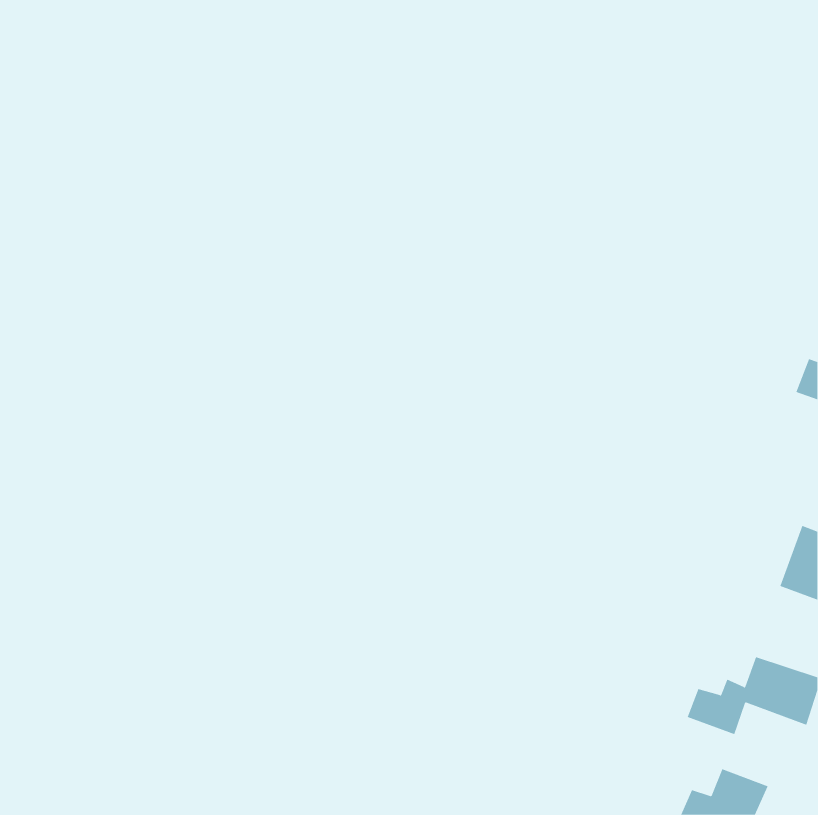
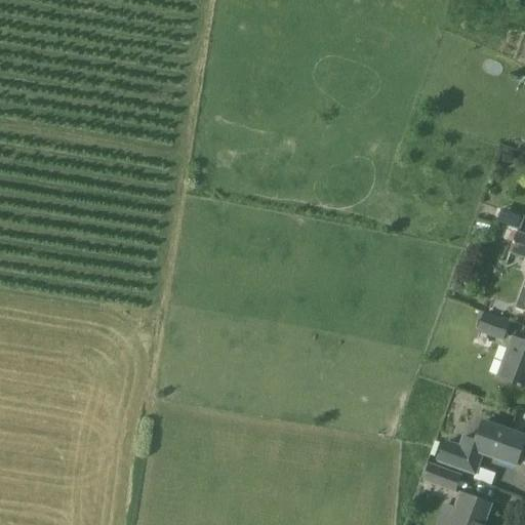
building: none -> [478,314,511,341]
building: none -> [423,461,463,492]

